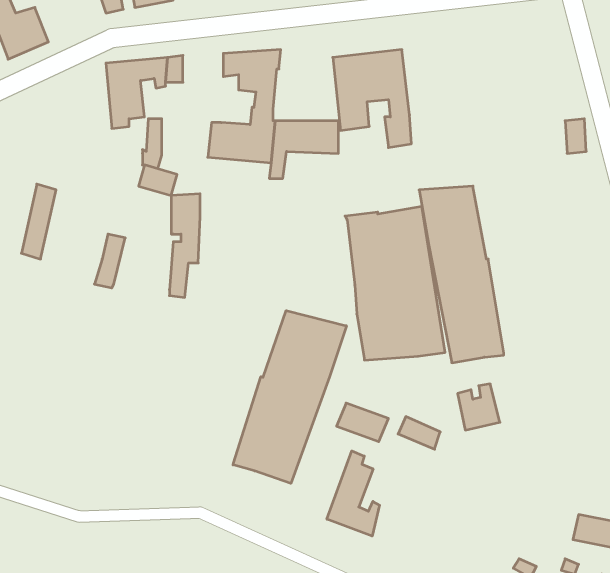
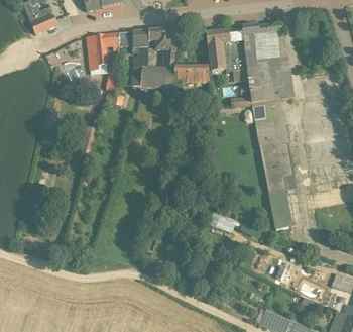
building: [169,194,200,297] -> [132,31,148,86]
building: [345,206,445,360] -> [241,22,293,103]
building: [233,311,346,483] -> none
building: [327,451,380,536] -> none

